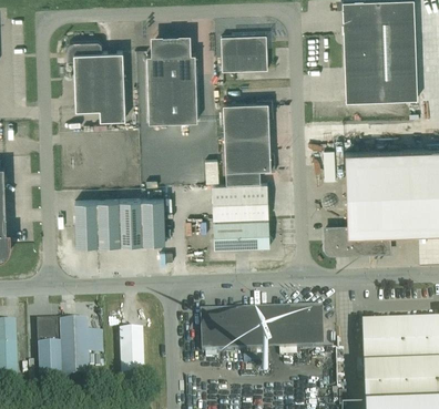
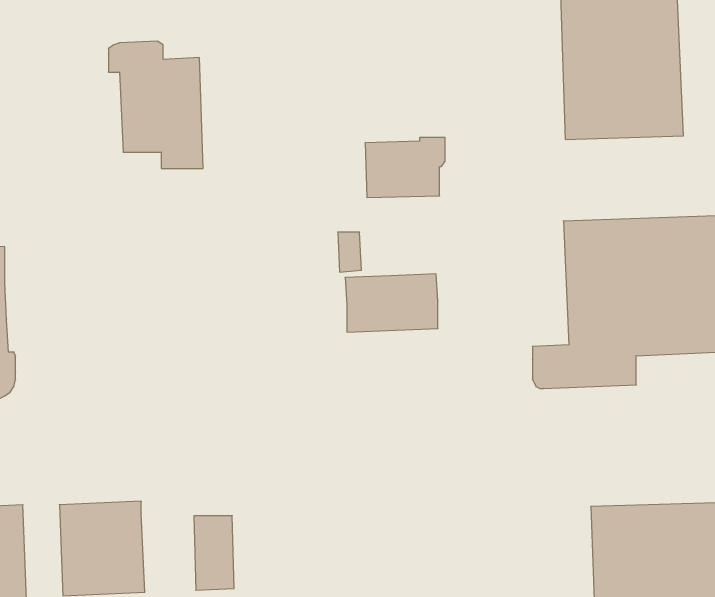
building: [221,37,267,72] -> none
building: [146,40,197,124] -> none
building: [225,137,275,185] -> none
building: [75,200,165,247] -> none
building: [213,222,273,252] -> none
building: [200,310,324,361] -> none

